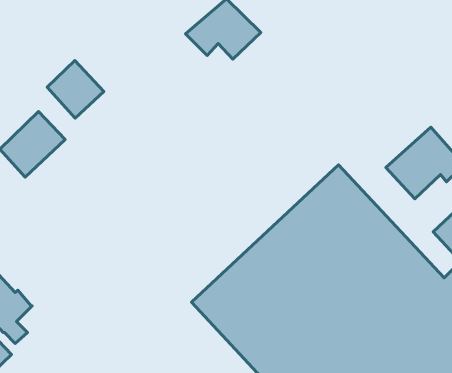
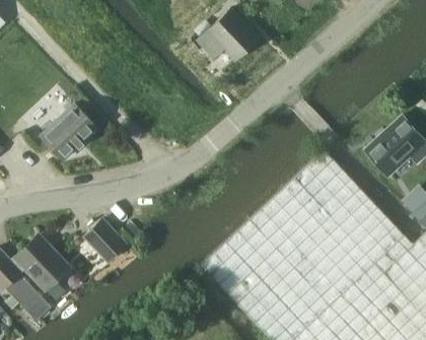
building: [47,61,104,118] -> none
building: none -> [83,220,125,262]

